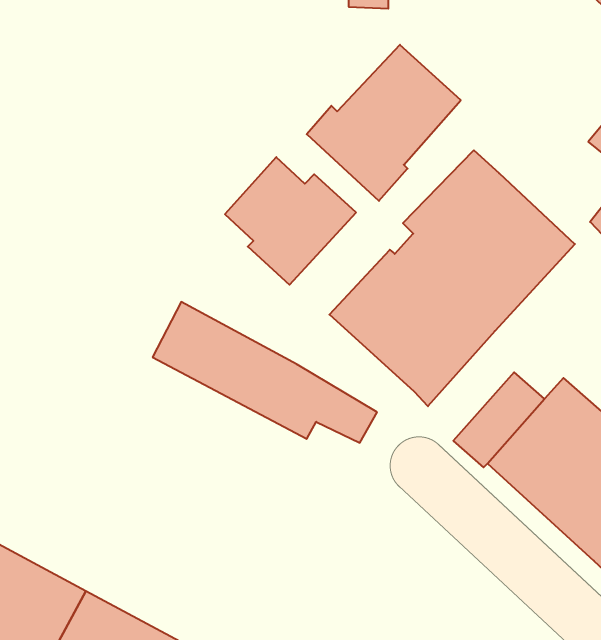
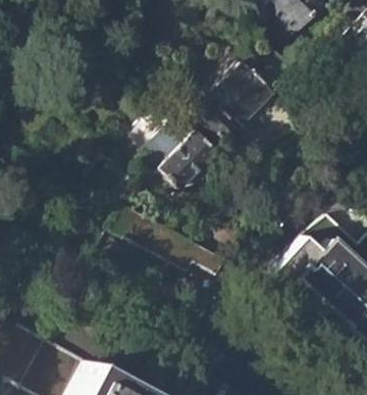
building: [329,150,575,406] -> none

